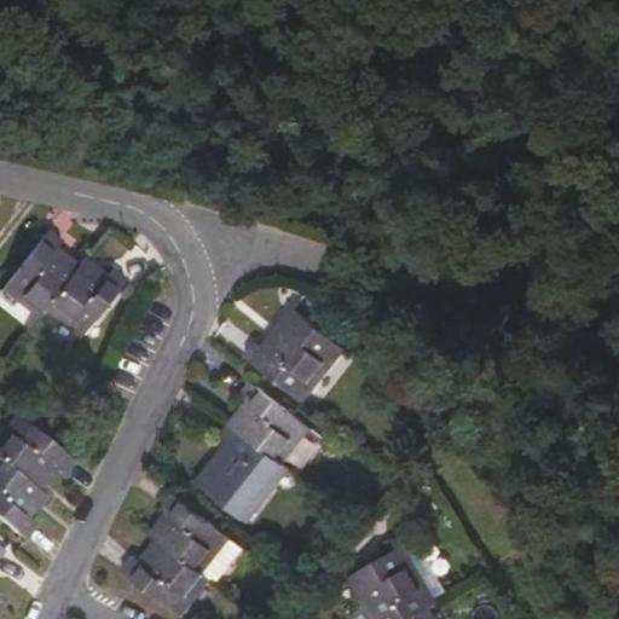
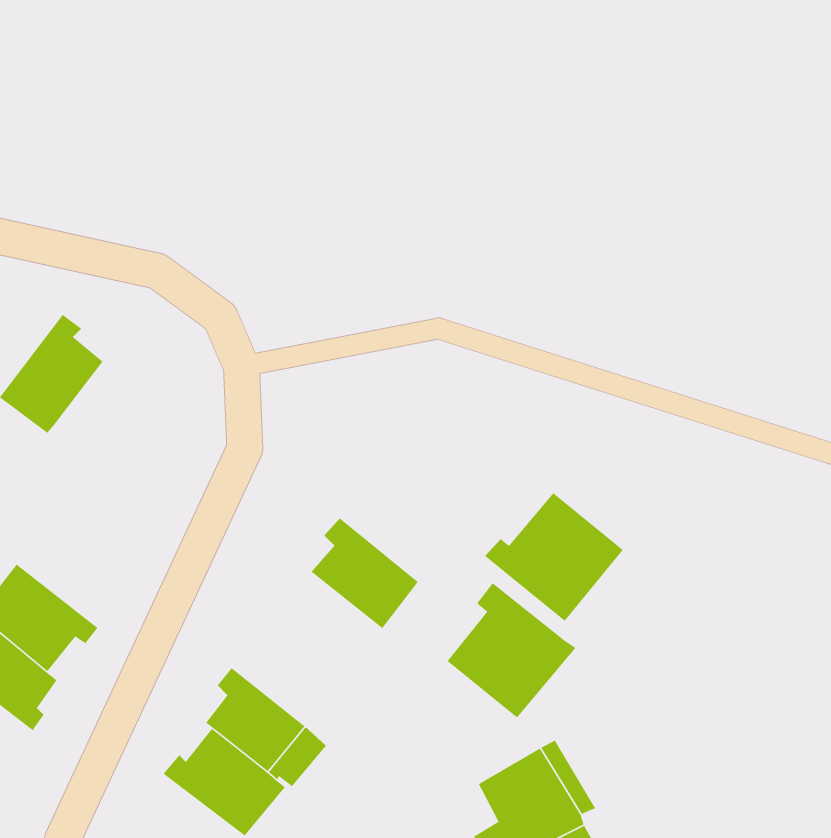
building: [41,260,127,341] -> none
building: [242,308,345,404] -> [484,492,624,622]
building: [195,422,290,522] -> [447,582,576,719]

